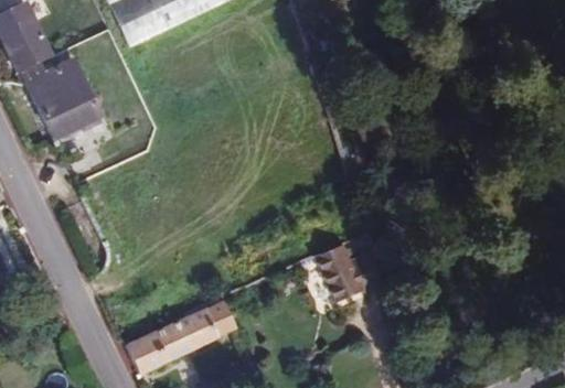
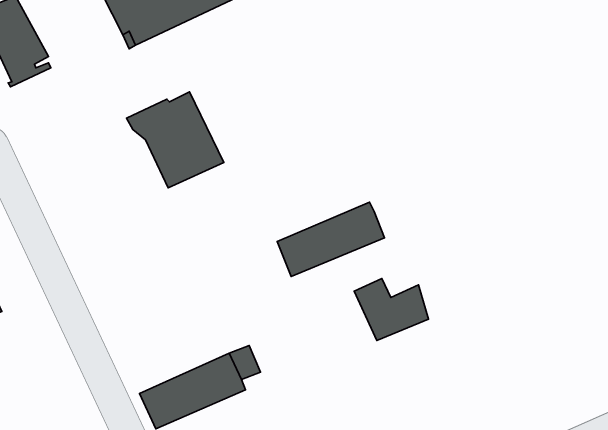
building: [19,54,104,138] -> [126,92,224,188]
building: none -> [277,202,384,276]

